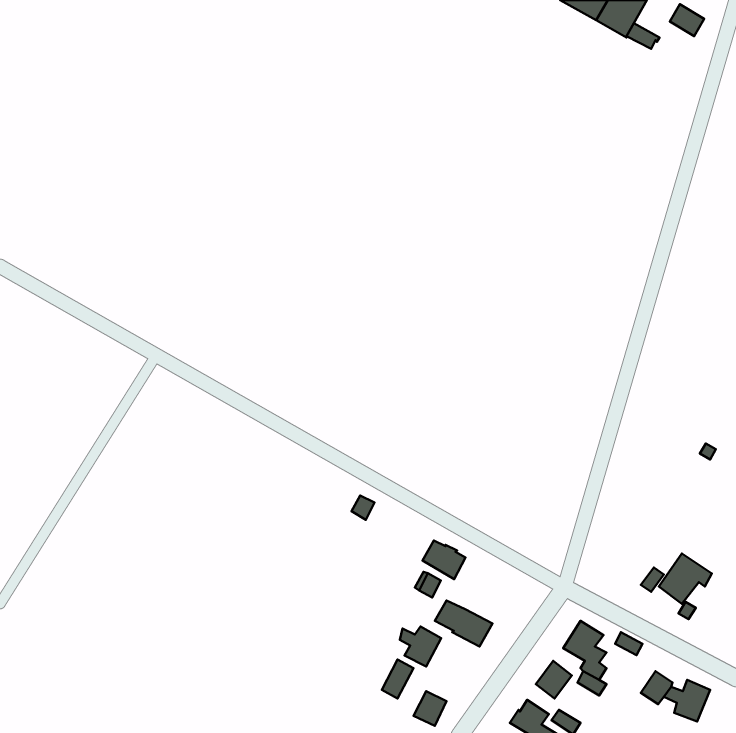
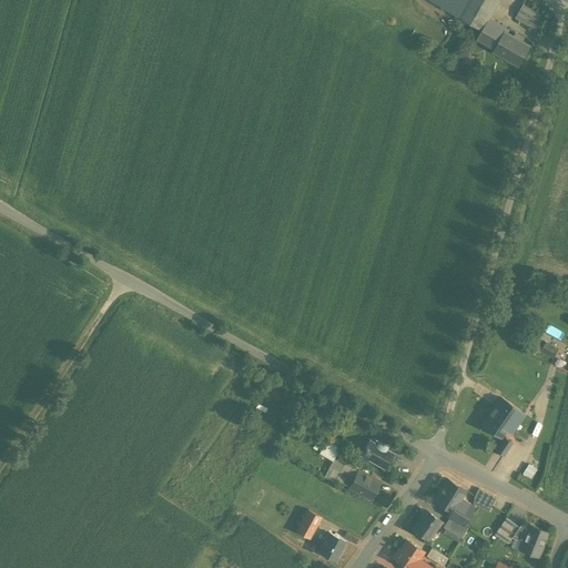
building: none -> [495,33,528,65]
building: [422,540,466,579] -> [359,440,393,470]
building: [659,553,712,604] -> [481,399,523,438]
building: [400,626,441,666] -> none

